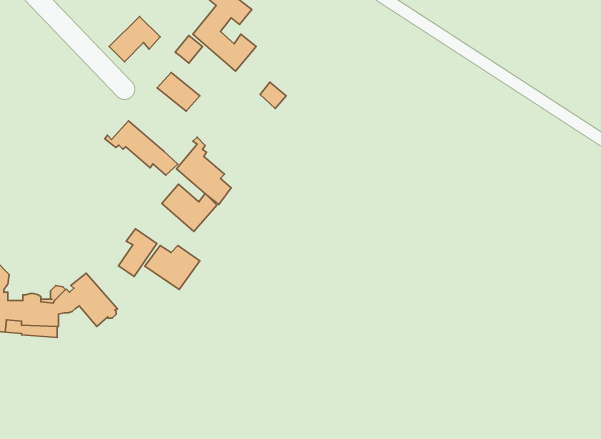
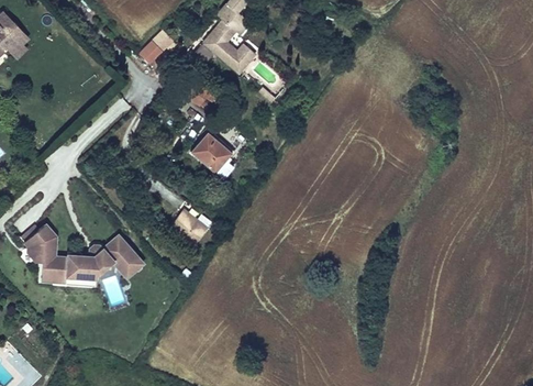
building: [105,121,178,175] -> none
building: [162,184,217,231] -> none
building: [119,229,157,276] -> none

